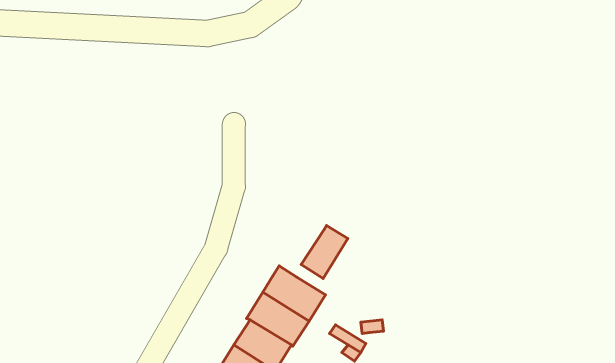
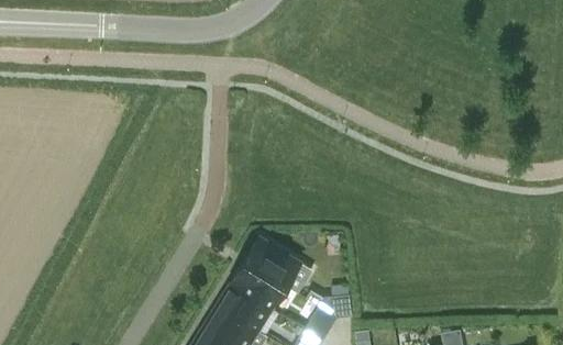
building: [301,226,348,279] -> none

